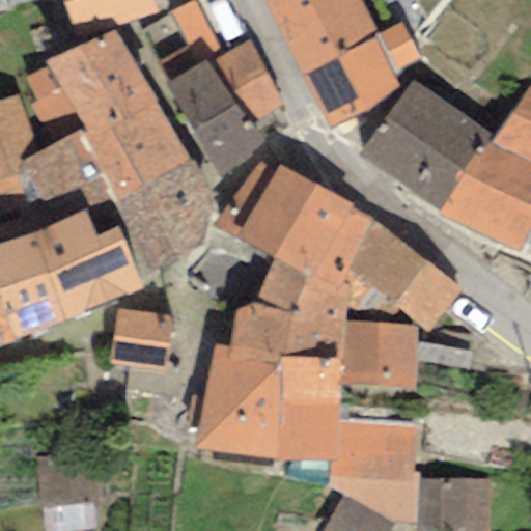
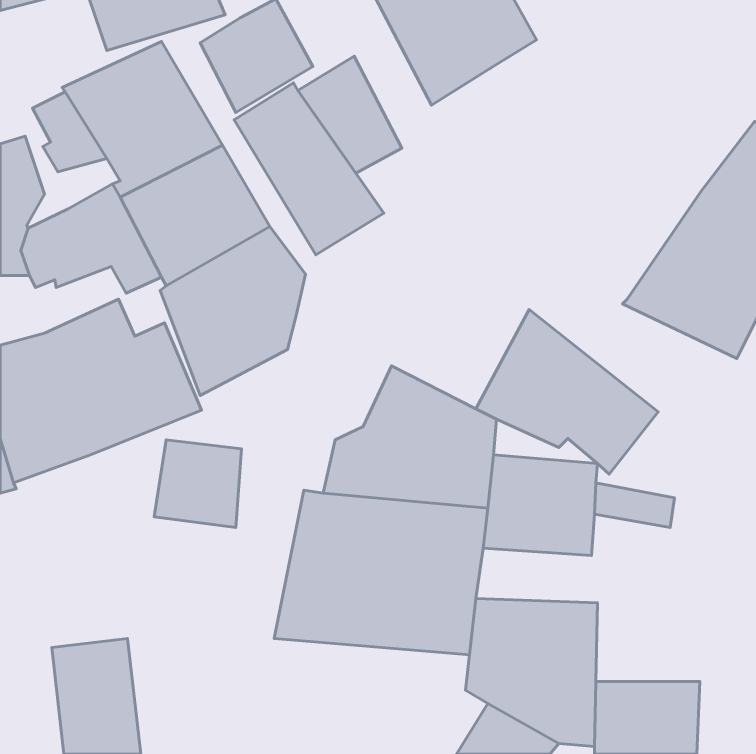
building: [303,23,419,127] -> none
building: [358,80,492,209] -> none
building: [213,161,371,286] -> none

